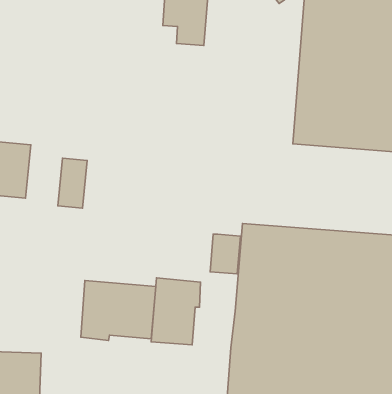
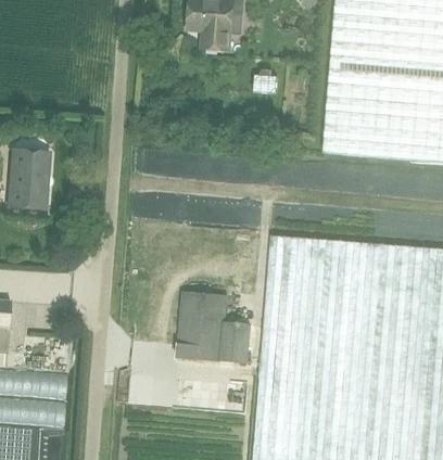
building: [58,158,87,208] -> none
building: [210,234,240,274] -> [218,323,250,365]
building: [81,281,156,341] -> none

